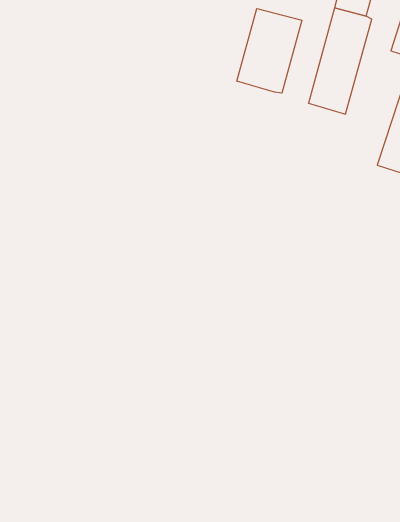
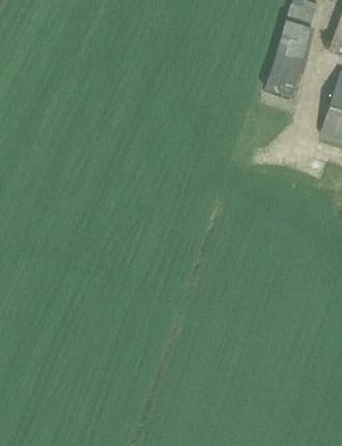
building: [237,9,302,93] -> none

